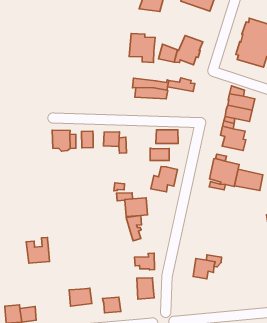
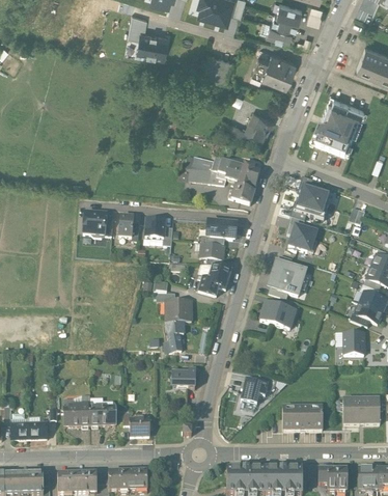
building: [129,34,155,63] -> none
building: none -> [226,168,257,201]
building: [234,169,263,191] -> [259,300,295,328]
building: [26,238,49,263] -> [63,394,89,423]
building: none -> [282,405,322,429]
building: [137,278,154,299] -> none

